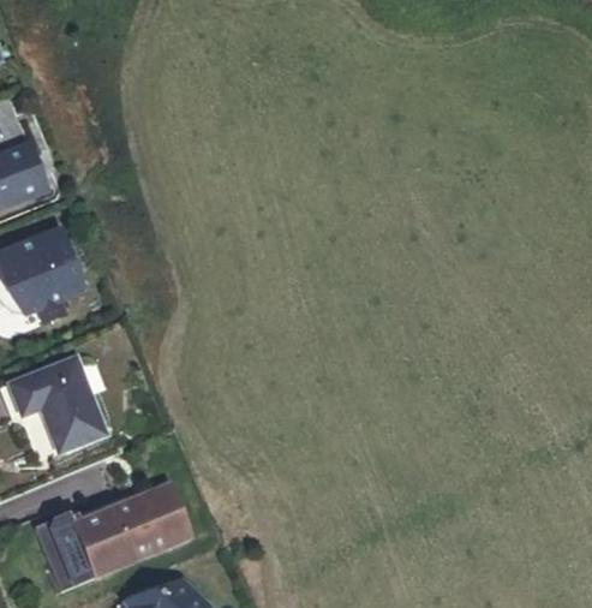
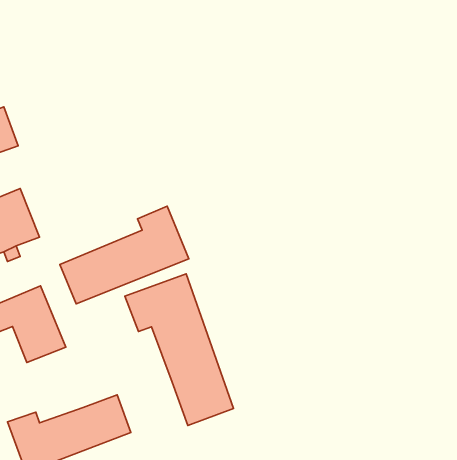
building: none -> [60,206,189,304]
building: none -> [125,274,234,426]

